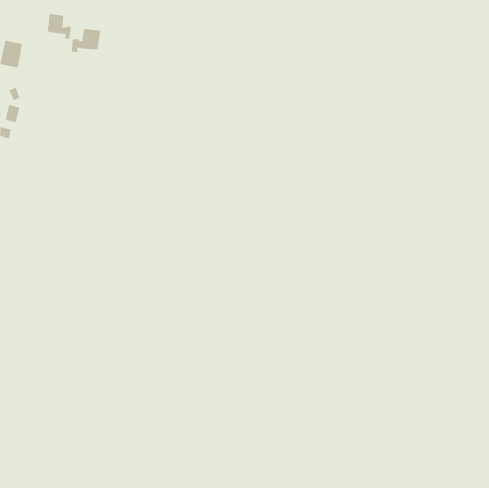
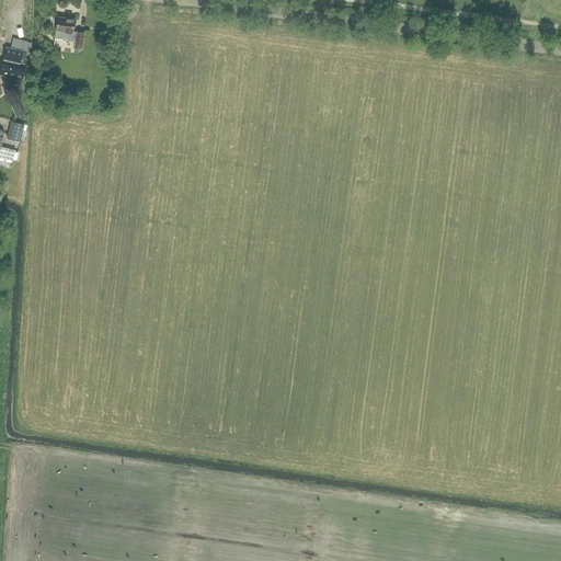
building: [71,28,101,53] -> none

